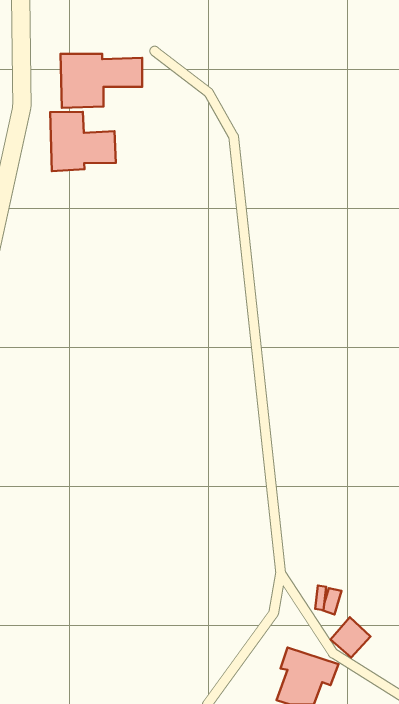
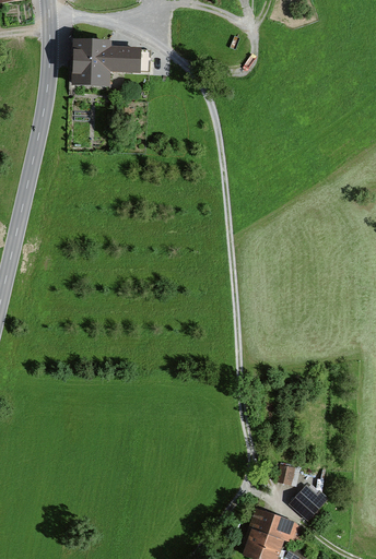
building: [50,112,116,171] -> none

